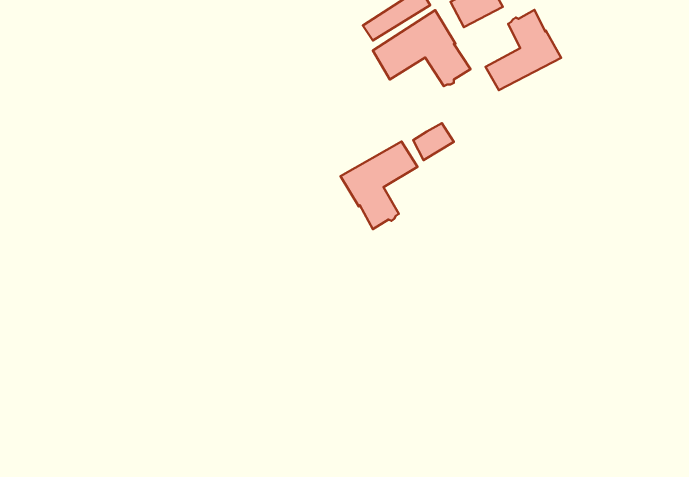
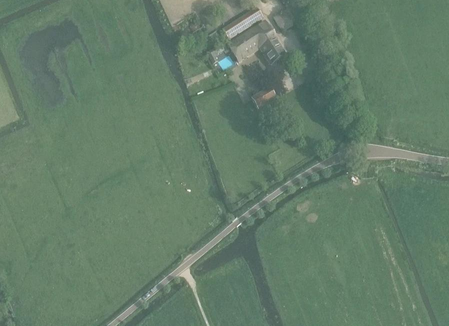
building: [486,10,561,90] -> none
building: [340,142,417,229] -> none

